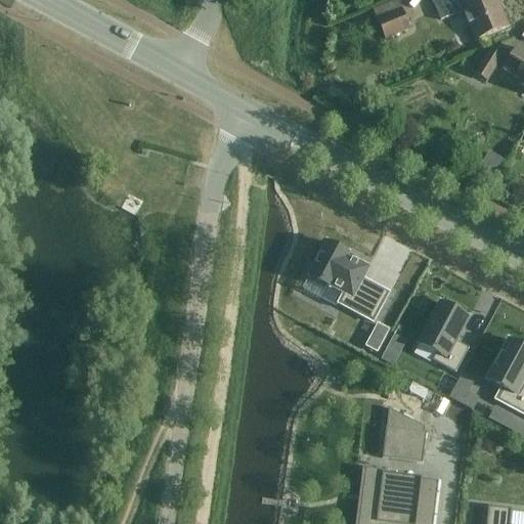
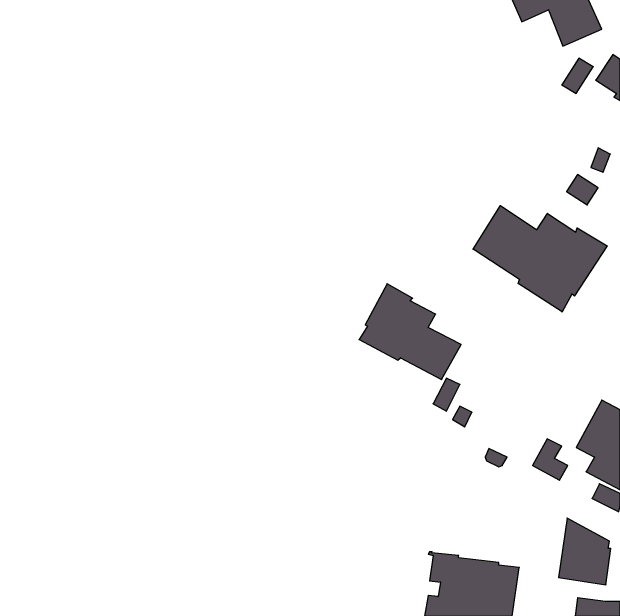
building: [376,7,409,37] -> none
building: none -> [473,206,607,312]
building: [418,301,468,372] -> none
building: [382,405,426,462] -> [559,518,611,585]

